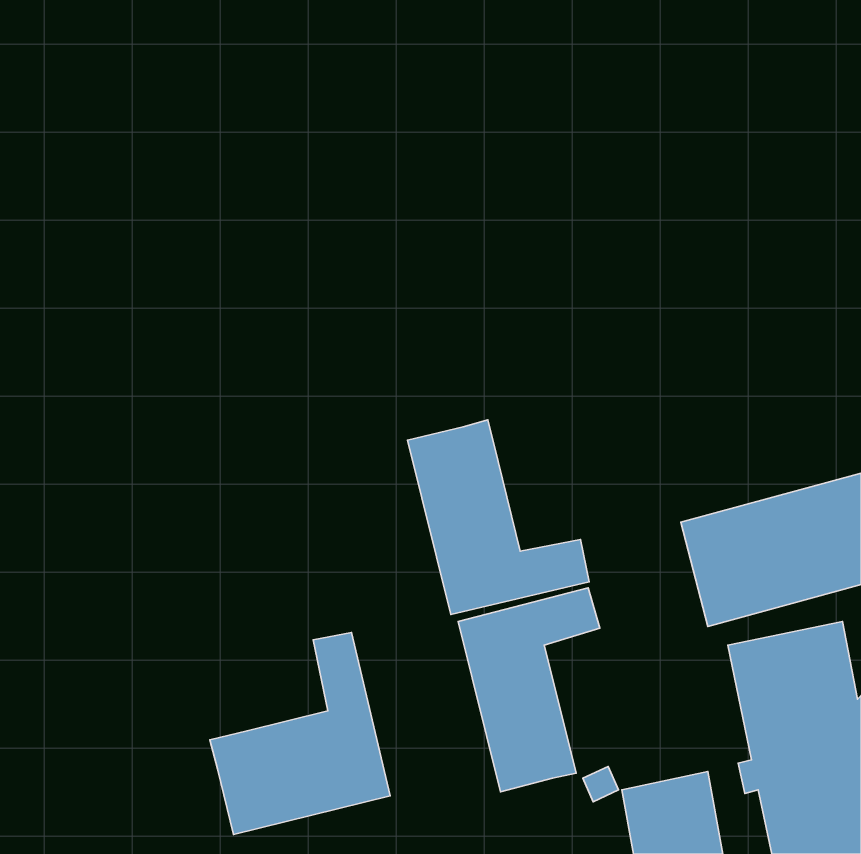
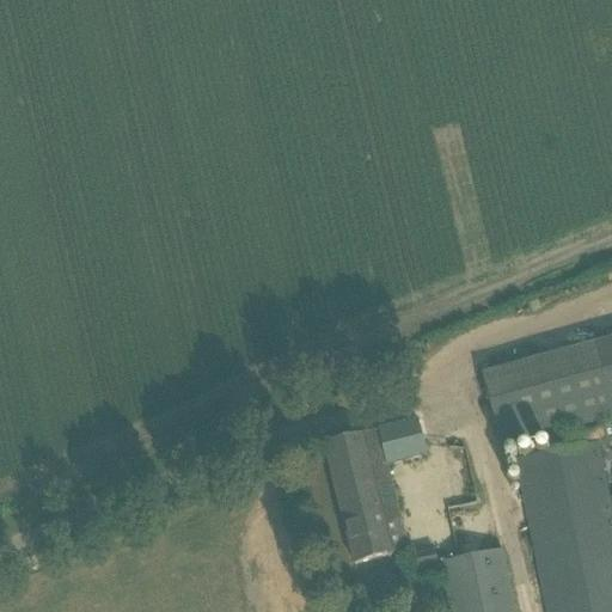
building: [408,420,589,614] -> none
building: [210,633,390,835] -> none

